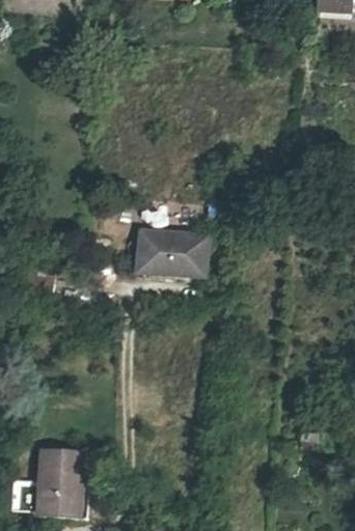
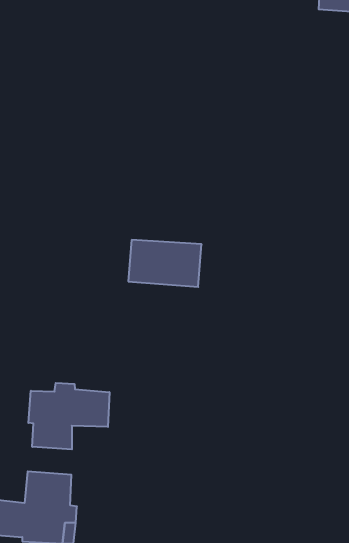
building: none -> [28,383,109,449]

